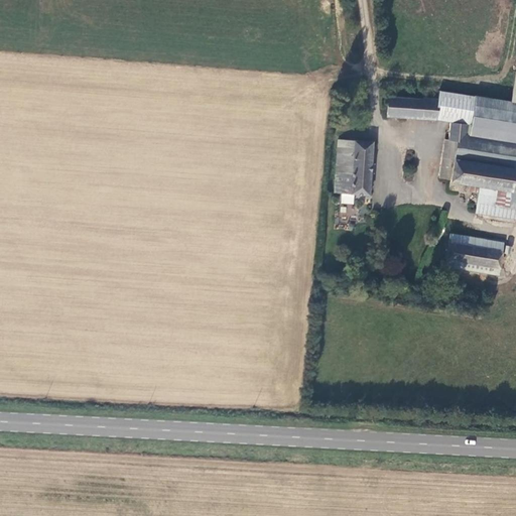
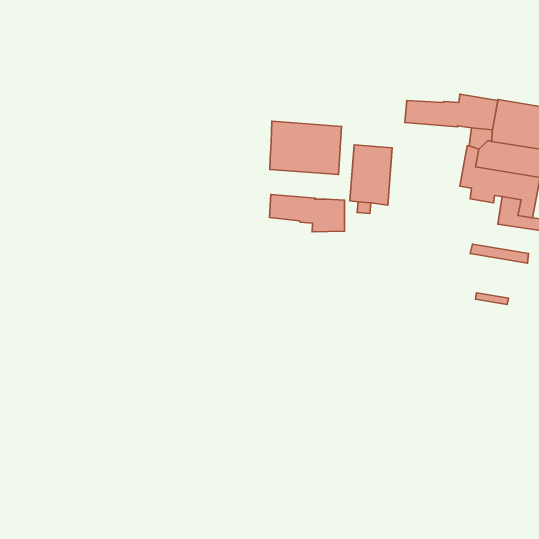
building: none -> [270,121,342,175]
building: none -> [269,195,344,232]
building: [446,242,504,269] -> none

